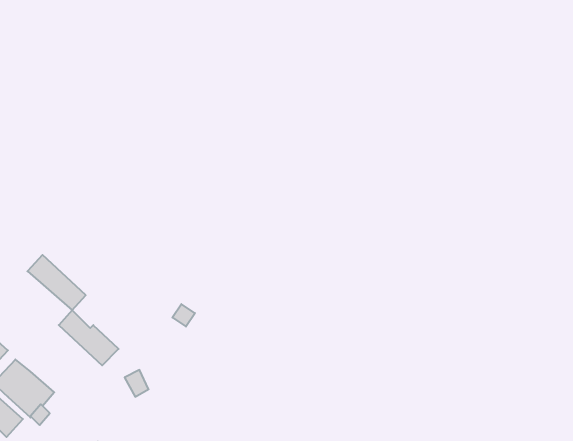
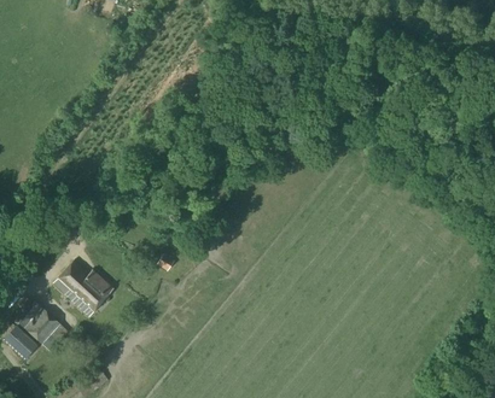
building: [27,255,86,310] -> [54,271,101,316]

